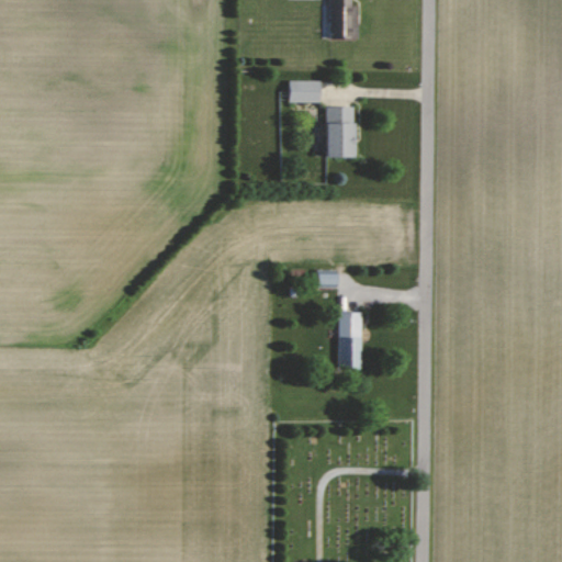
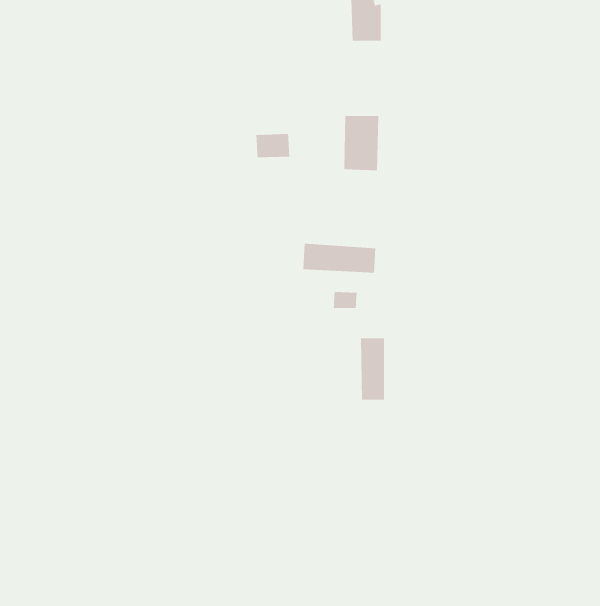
building: [289,79,321,102] -> [256,133,290,158]
building: none -> [302,243,376,274]

